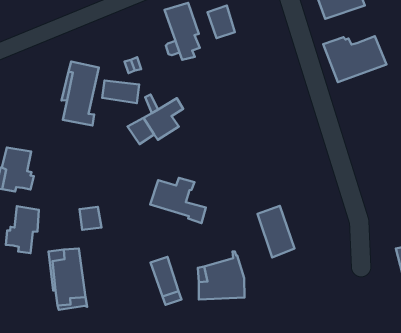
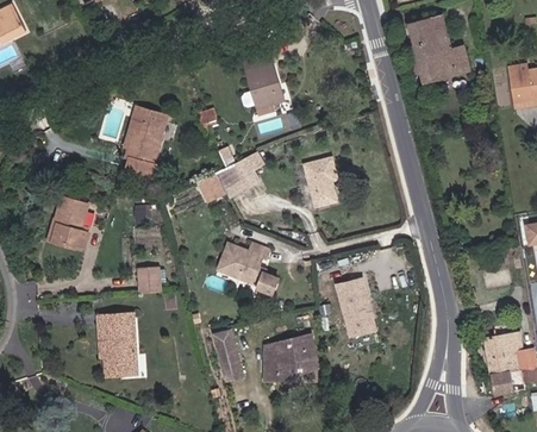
building: [208,5,235,38] -> none
building: [323,36,386,82] -> none
building: [102,81,139,103] -> none
building: none -> [304,161,333,209]
building: [6,206,39,253] -> none

